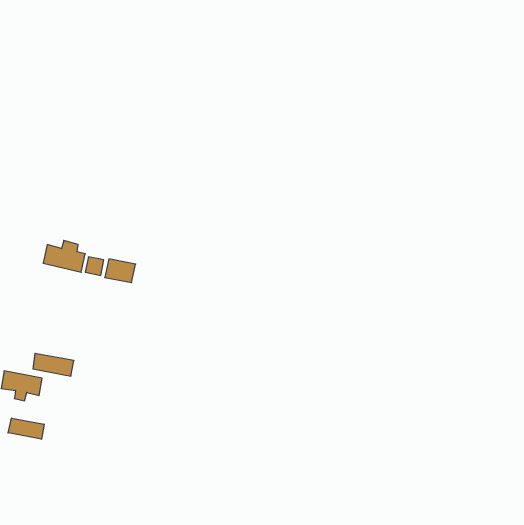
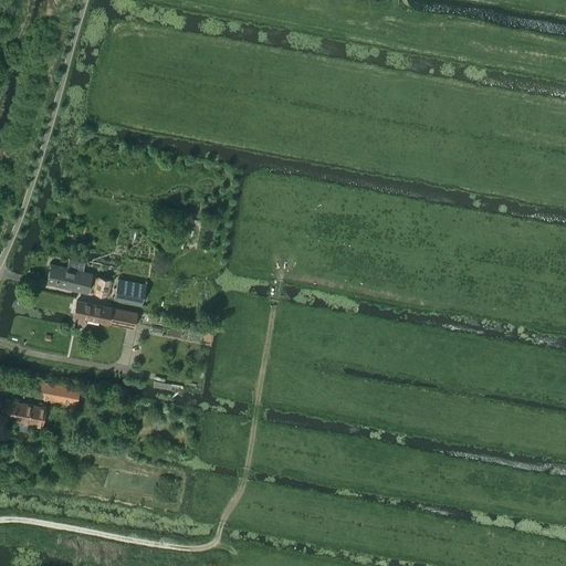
building: none -> [74,300,138,328]
building: [8,418,44,439] -> none

